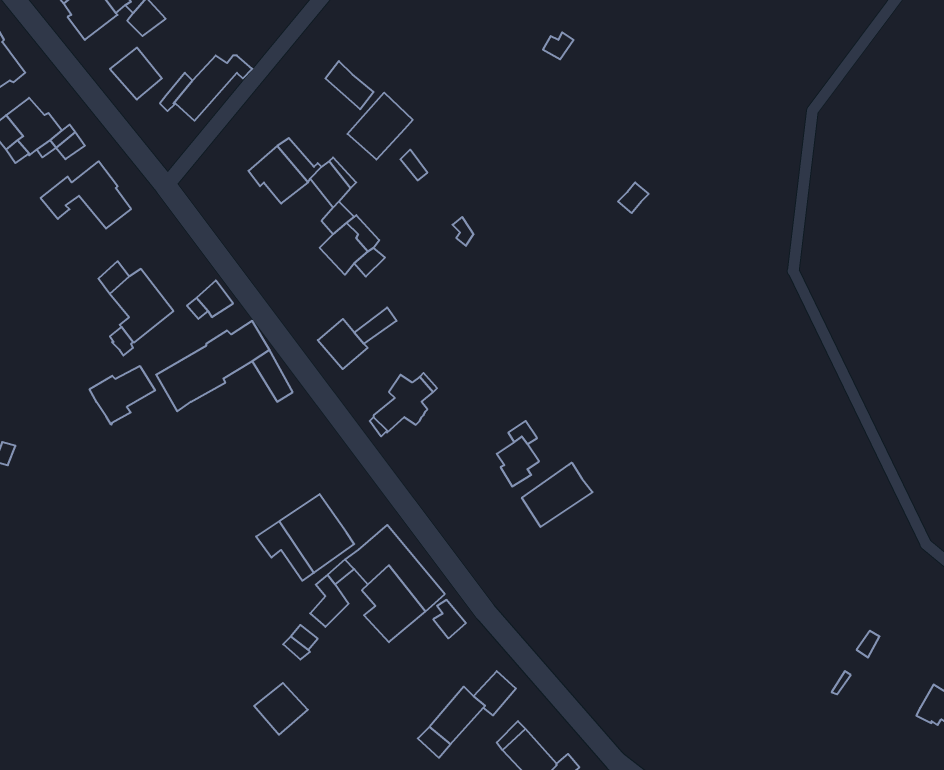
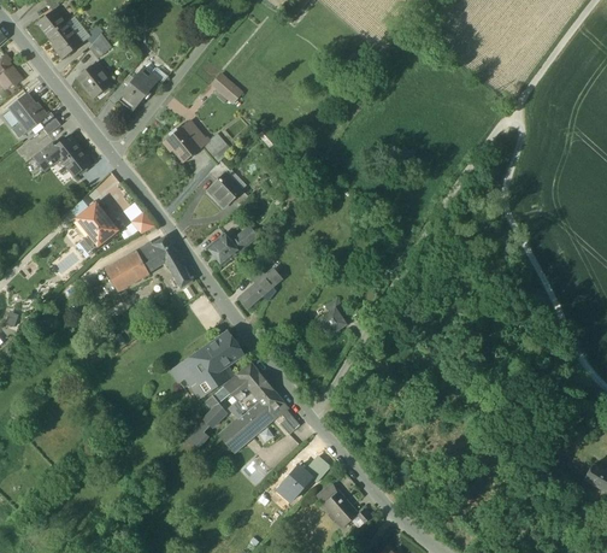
building: [347,93,413,160] -> none
building: [90,366,155,425] -> none
building: [522,463,593,527] -> none
building: none -> [208,330,244,367]
building: [254,683,308,735] -> [218,419,252,452]

